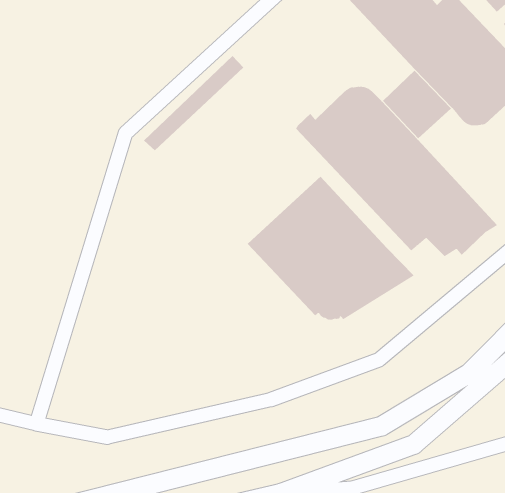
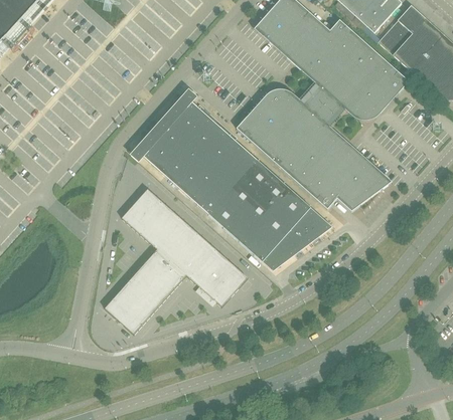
building: none -> [143,100,258,213]
building: none -> [105,189,246,333]

